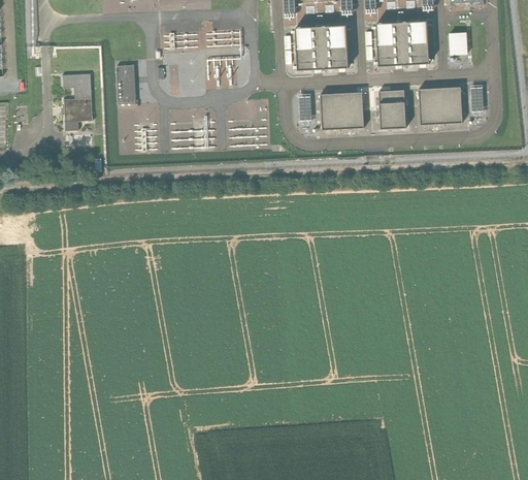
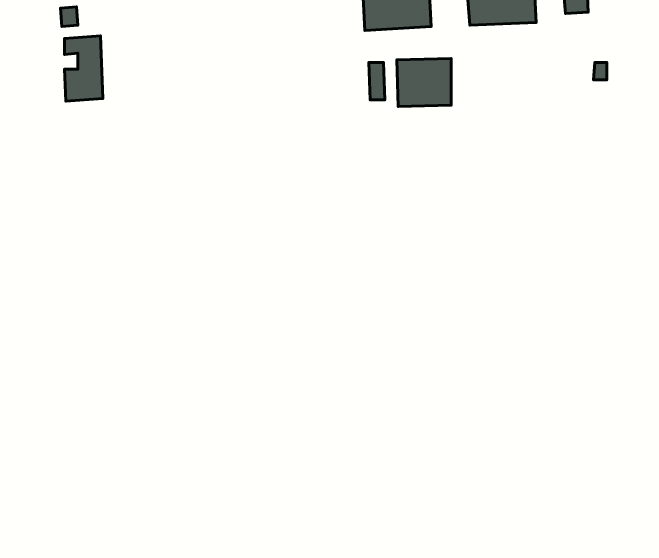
building: [117,65,135,102] -> none
building: [419,87,462,124] -> none
building: [378,90,406,129] -> none

